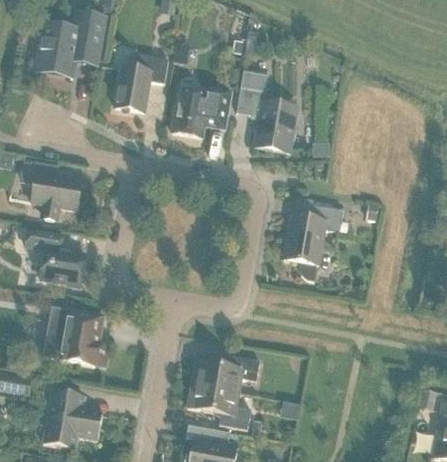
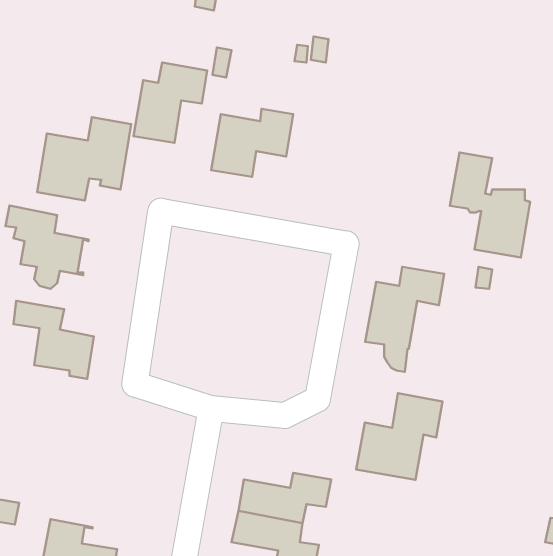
building: [37,12,106,73] -> [37,117,131,200]
building: [237,73,296,151] -> [450,153,530,258]
building: none -> [356,393,442,480]
building: [43,306,108,366] -> none

